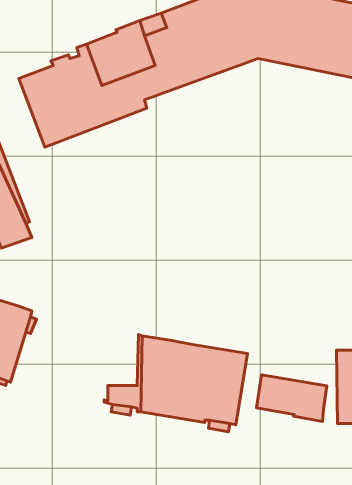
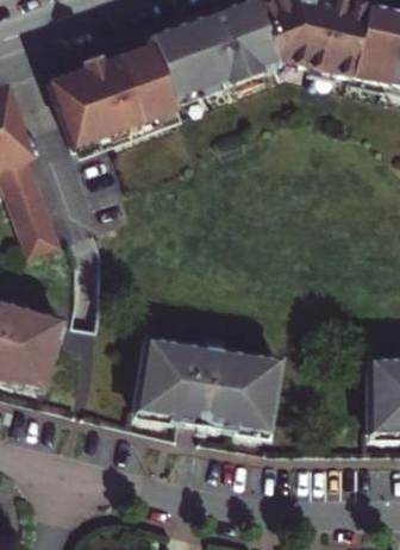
building: none -> [135,339,169,410]
building: [256,375,327,422] -> none

